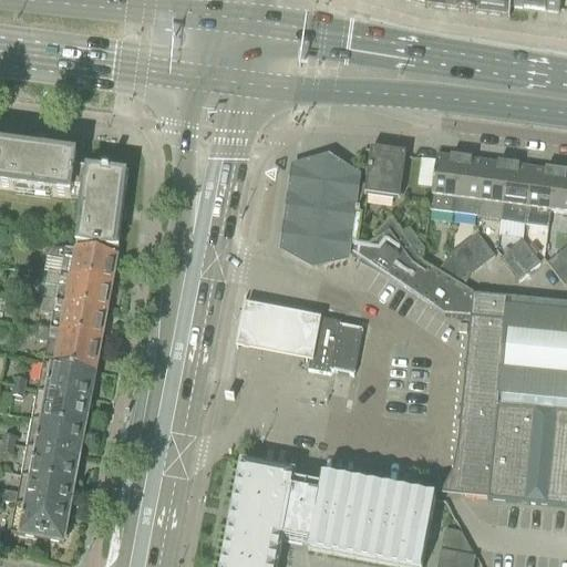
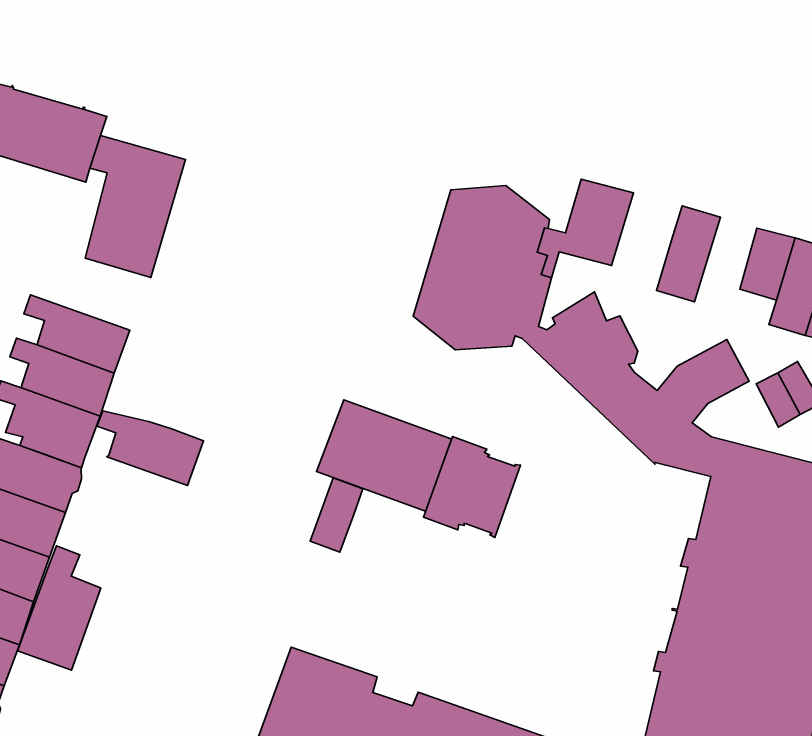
building: [453,155,484,213] -> none
building: [50,243,116,280] -> [97,411,203,486]
building: none -> [310,478,363,552]
building: none -> [17,546,101,670]

